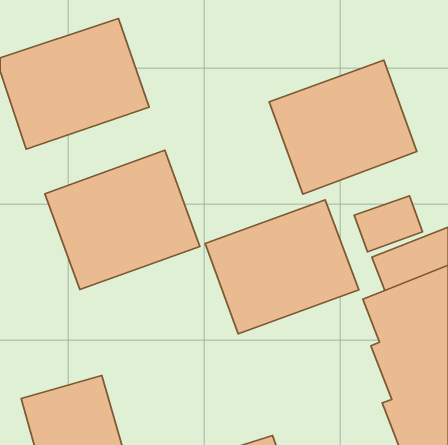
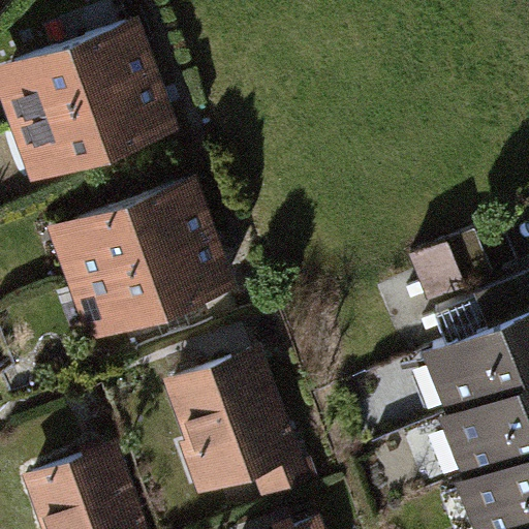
building: [269,60,417,194] -> none
building: [205,200,359,334] -> none
building: none -> [162,344,298,499]

